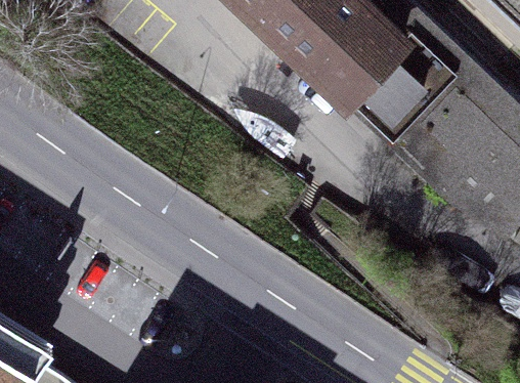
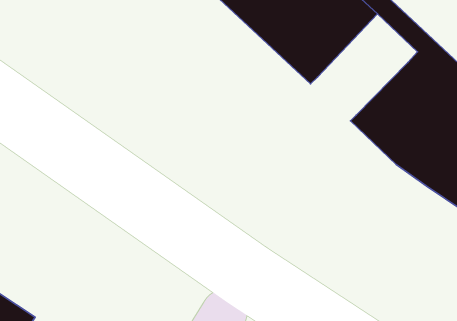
building: [353,39,459,145] -> none

